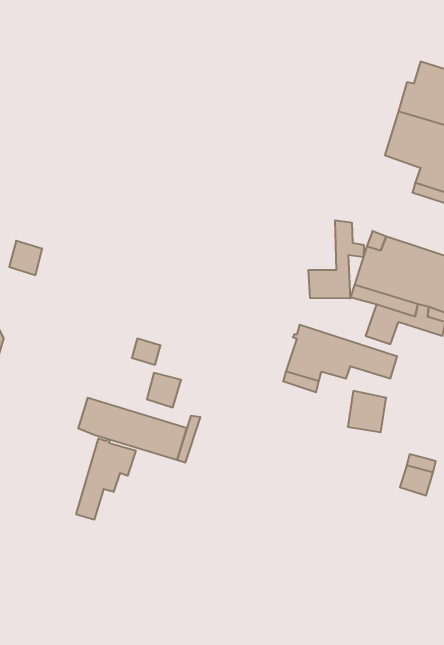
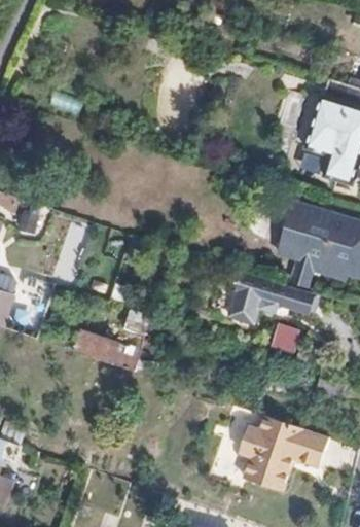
building: [309,220,364,299] -> none
building: [76,438,136,520] -> none
building: none -> [242,416,330,493]

